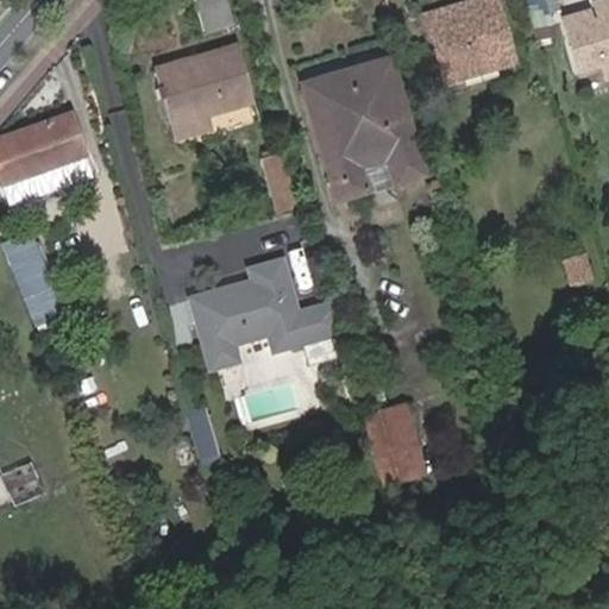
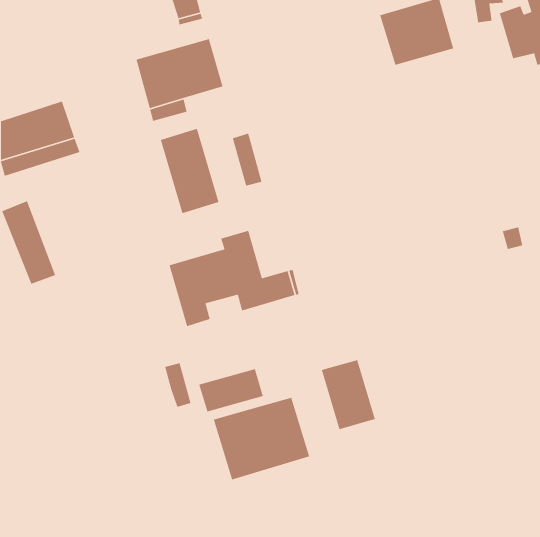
building: [302,57,422,197] -> none
building: none -> [160,128,219,214]
building: none -> [198,368,264,413]
building: none -> [213,397,310,480]

